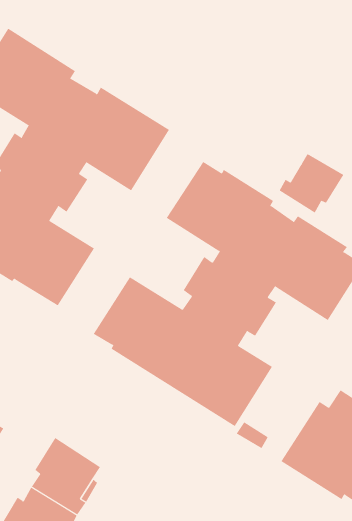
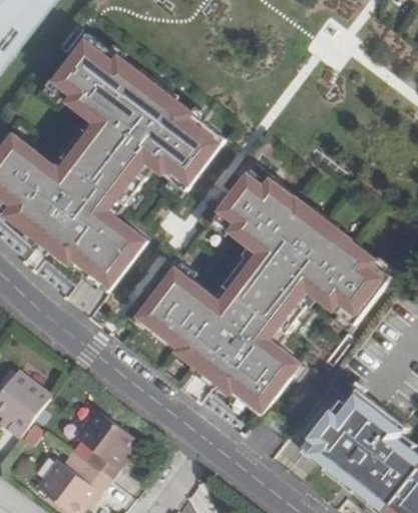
building: [279,153,344,214] -> none

